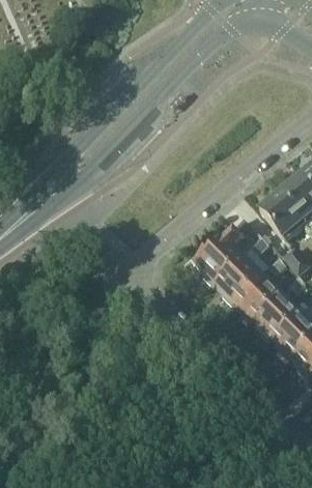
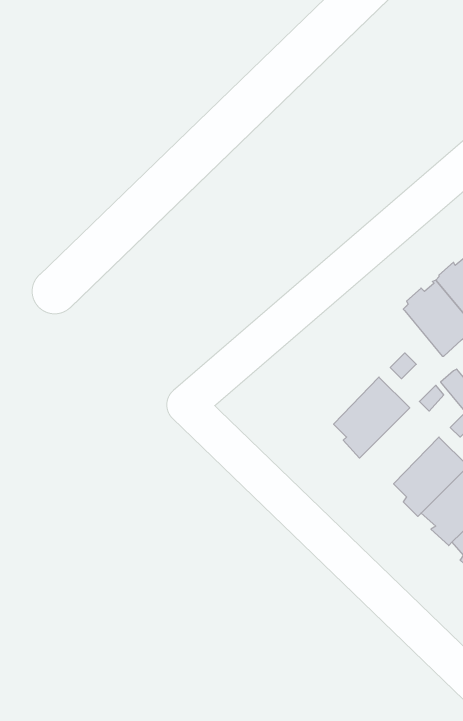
building: [194,217,252,283] -> none
building: [233,270,282,321] -> none

